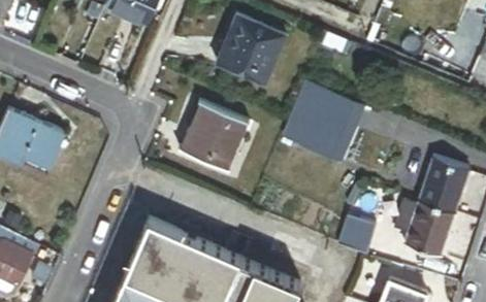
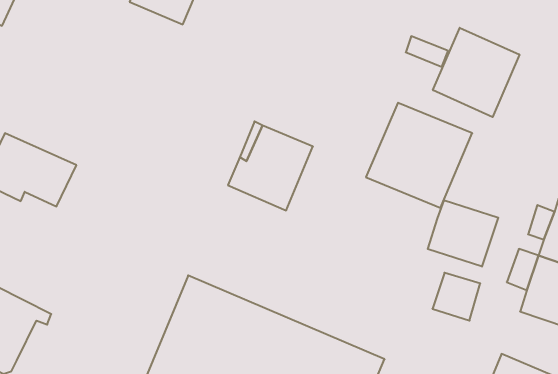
building: [215,13,283,82] -> none
building: none -> [433,28,519,117]
building: none -> [428,200,498,267]

